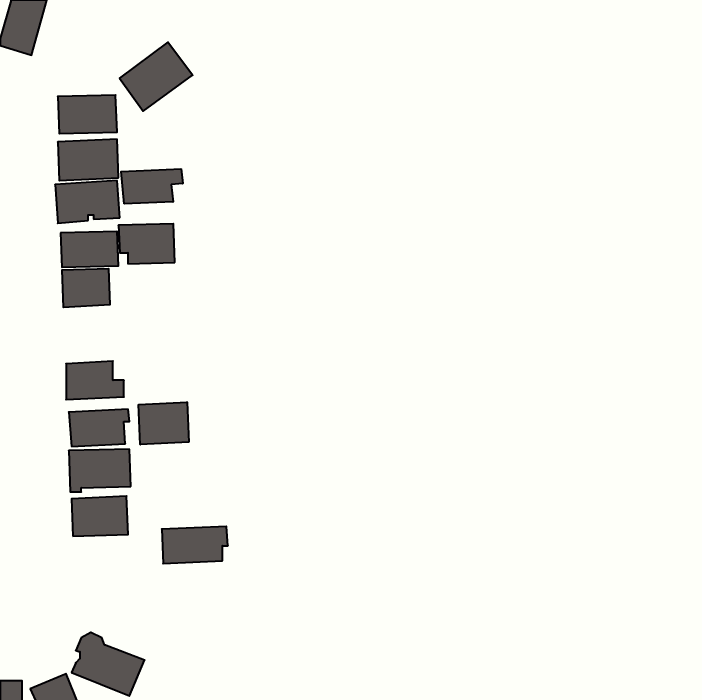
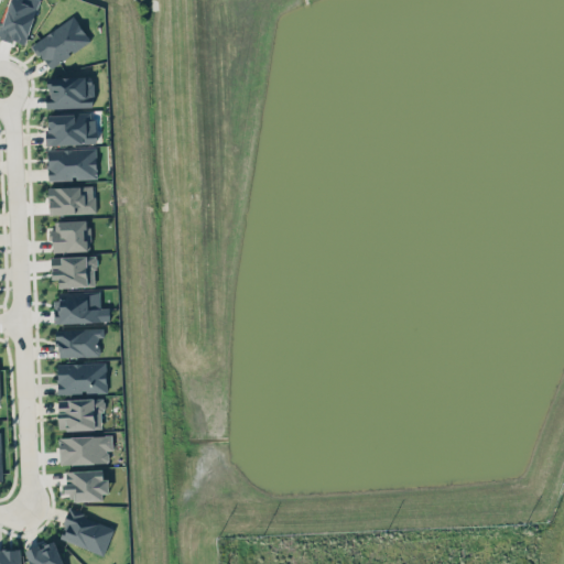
building: [120,42,193,111] -> [32,13,90,68]
building: [121,169,183,204] -> none
building: [118,224,175,264] -> [52,258,97,290]
building: [139,402,189,445] -> none
building: [162,526,228,564] -> [61,437,113,467]
building: none -> [65,471,108,502]

